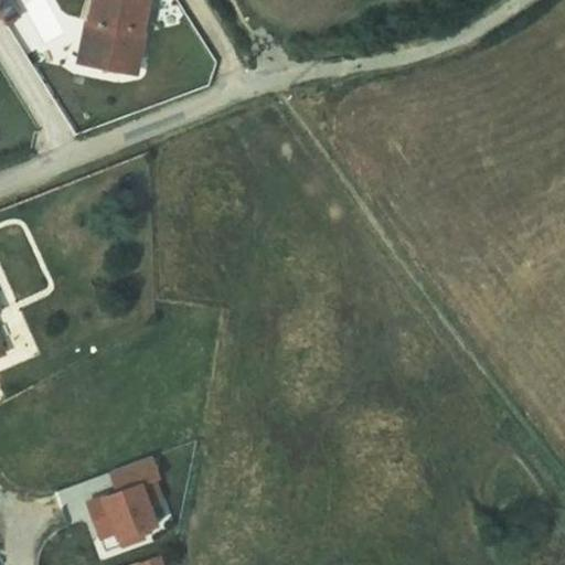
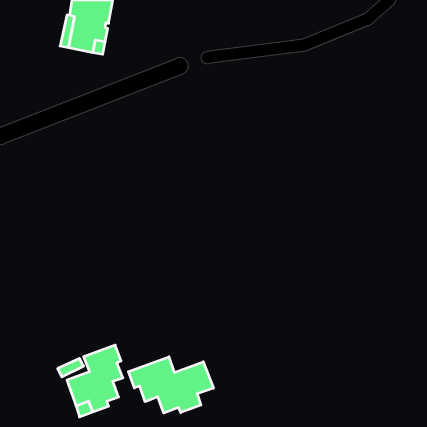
building: none -> [128,357,213,413]

